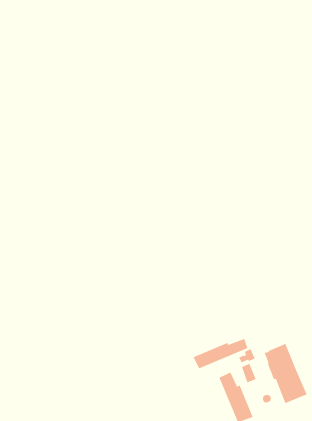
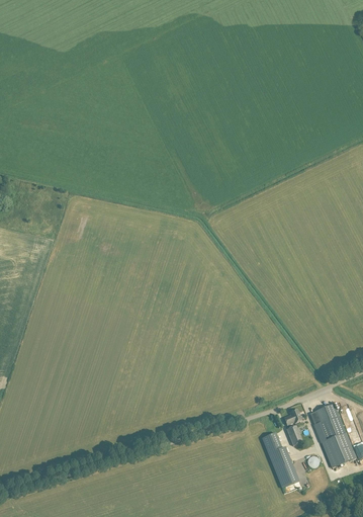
building: [193,338,248,369] -> none

